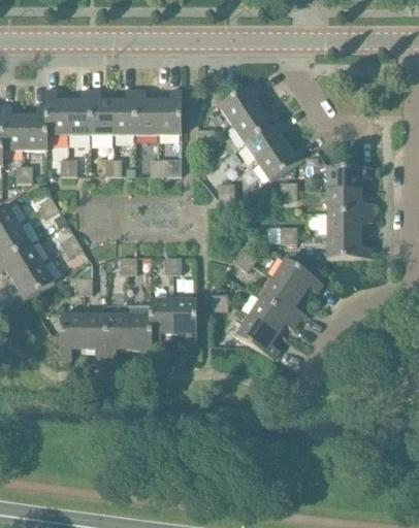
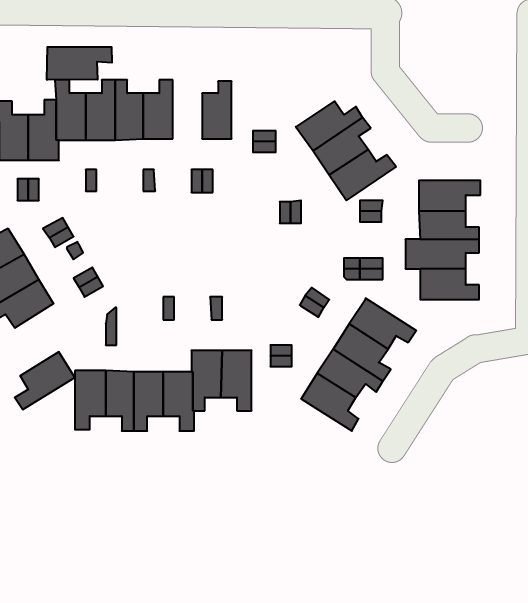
building: none -> [47,47,112,80]
building: [218,79,262,125] -> none
building: [135,89,158,134] -> none
building: [9,261,56,305] -> [15,352,75,409]

